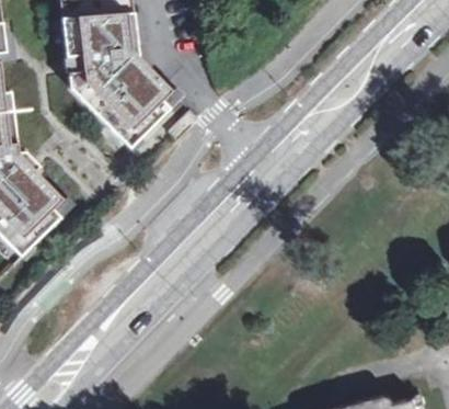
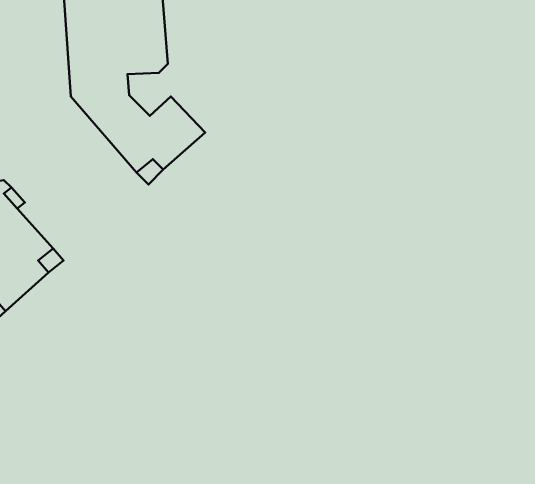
building: [111,63,177,113] -> none

